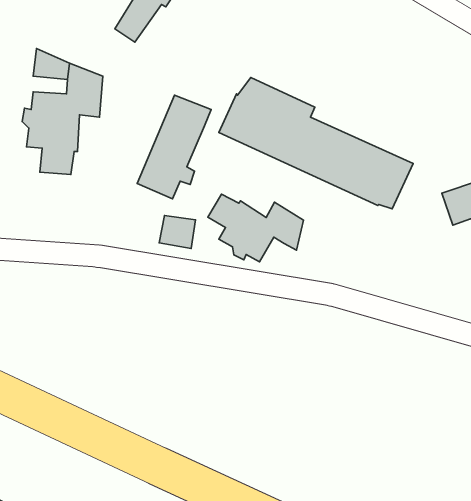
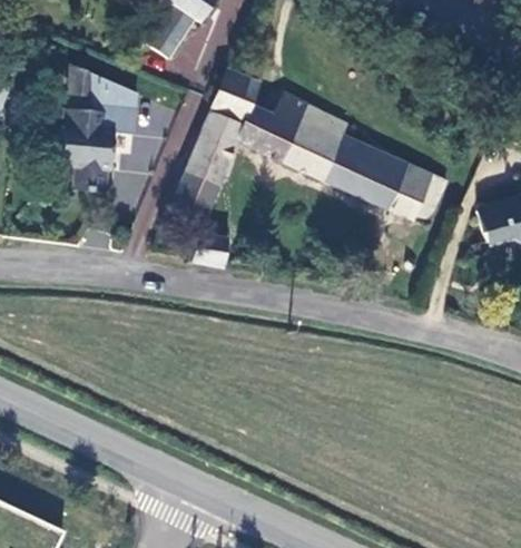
building: none -> [208,69,271,149]
building: [208,194,304,262] -> none

